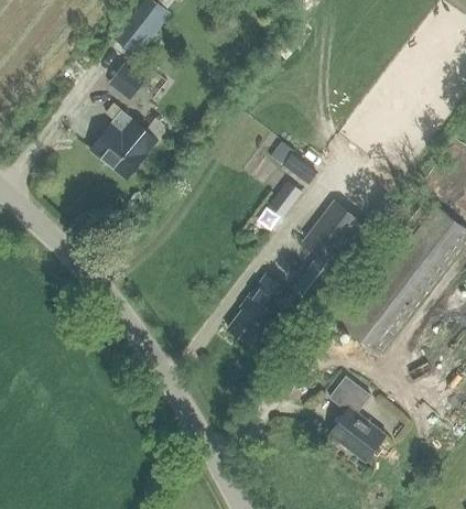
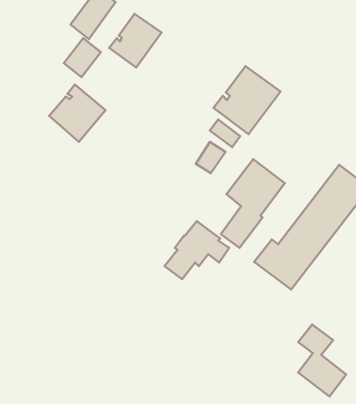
building: none -> [109,14,161,67]
building: none -> [213,66,280,134]
building: [329,376,387,462] -> [298,324,346,397]

